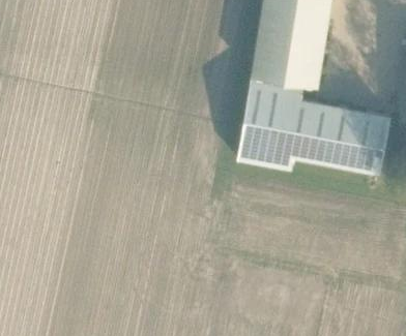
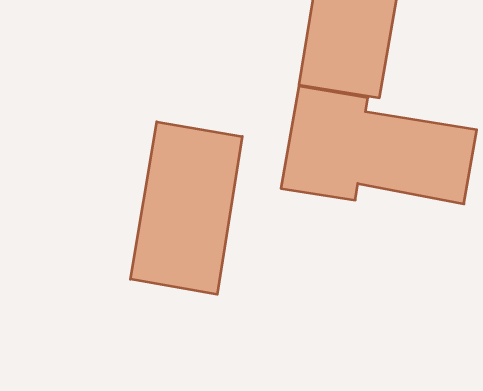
building: none -> [130,122,242,294]

